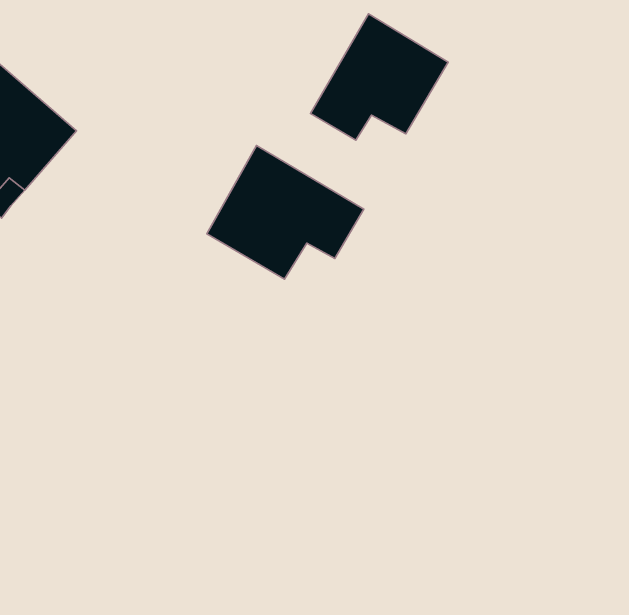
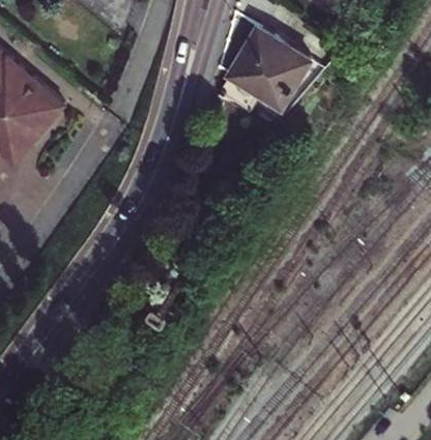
building: [207,146,364,279] -> none

